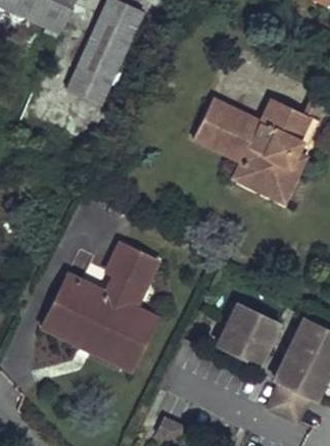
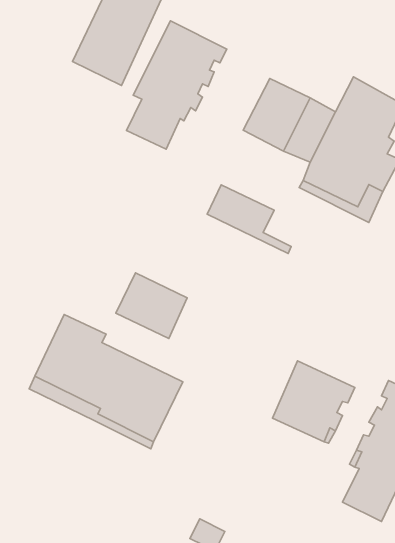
building: none -> [127,21,227,149]
building: [92,269,153,319] -> [207,185,291,253]

